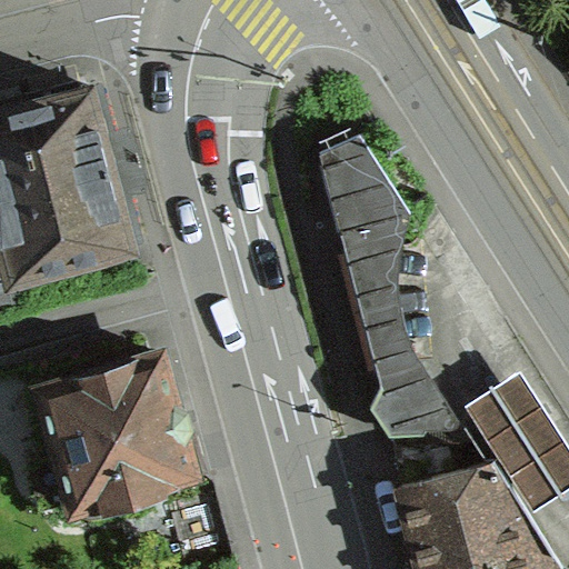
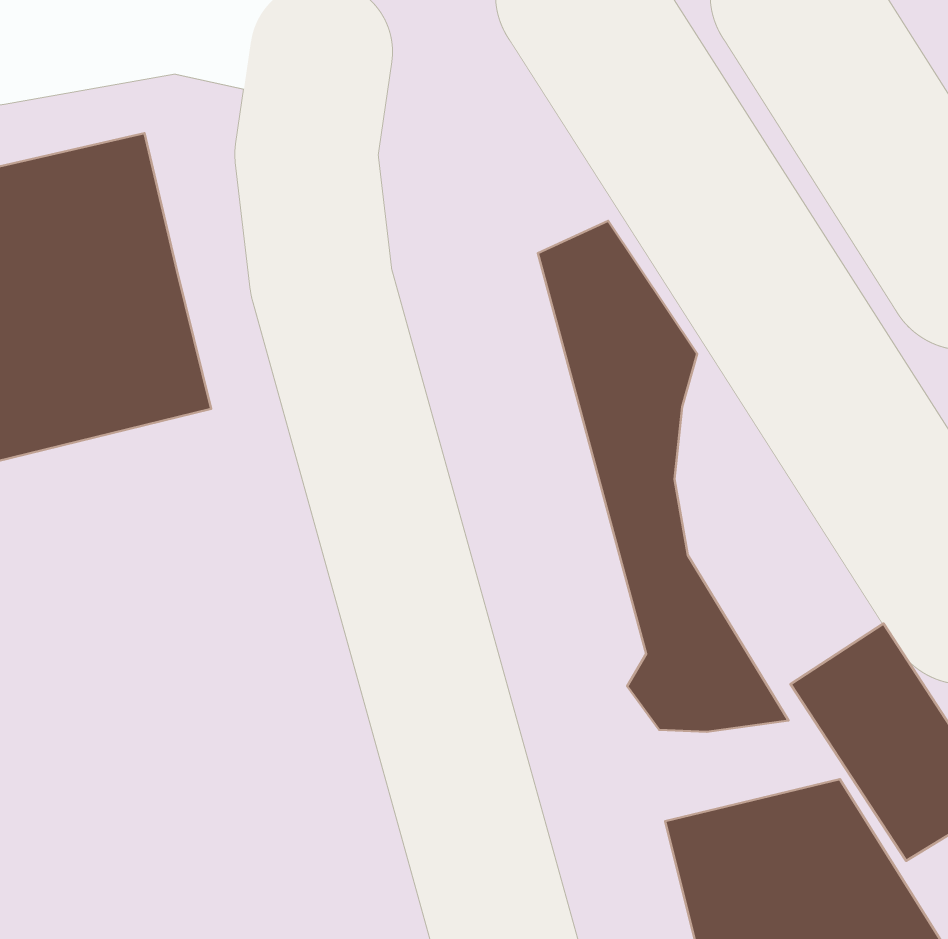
building: [31,348,193,513] -> none

